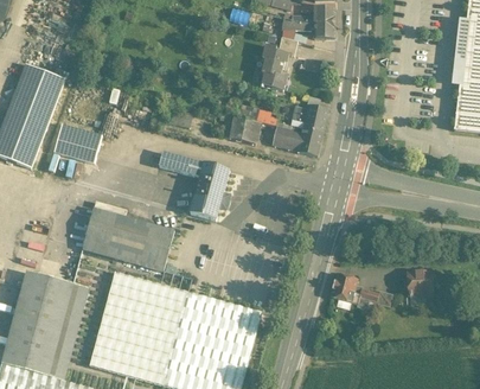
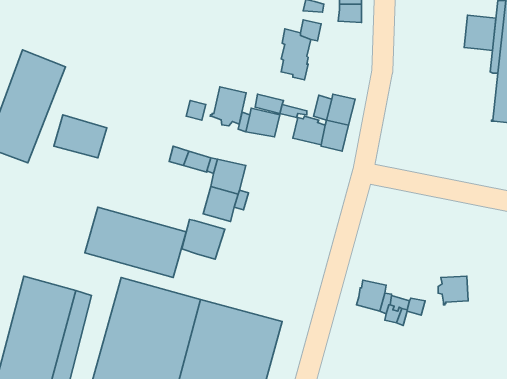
building: none -> [464,15,496,50]
building: none -> [210,87,246,126]
building: none -> [182,219,225,259]

